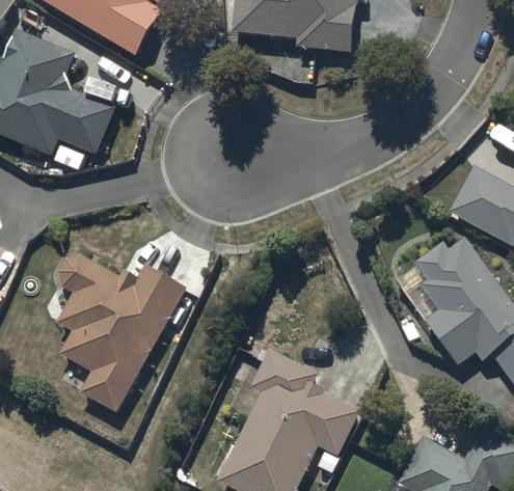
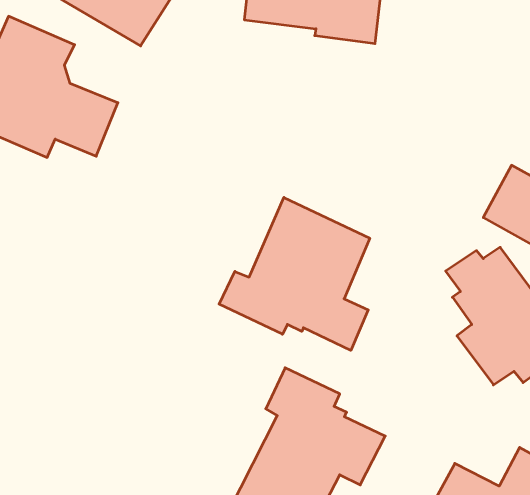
building: none -> [219,197,370,350]
building: [55,254,187,413] -> none

